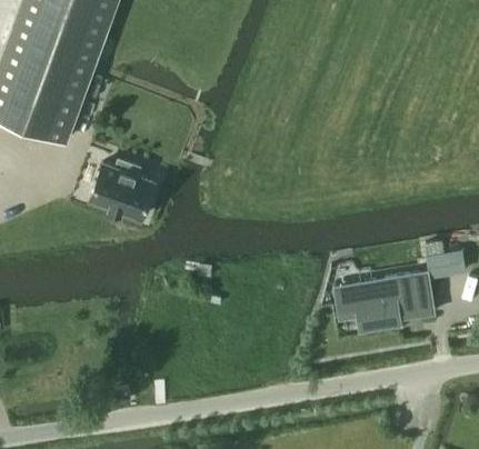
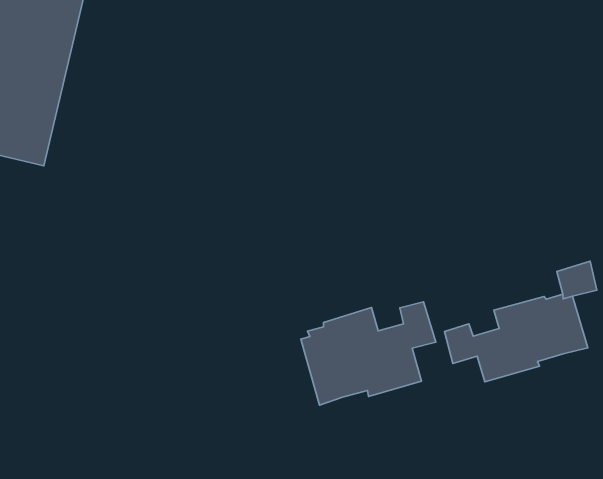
building: [90,161,154,219] -> none
building: none -> [301,302,436,405]

